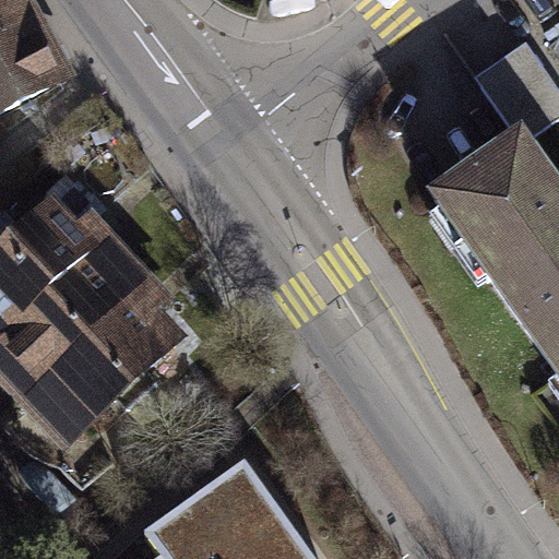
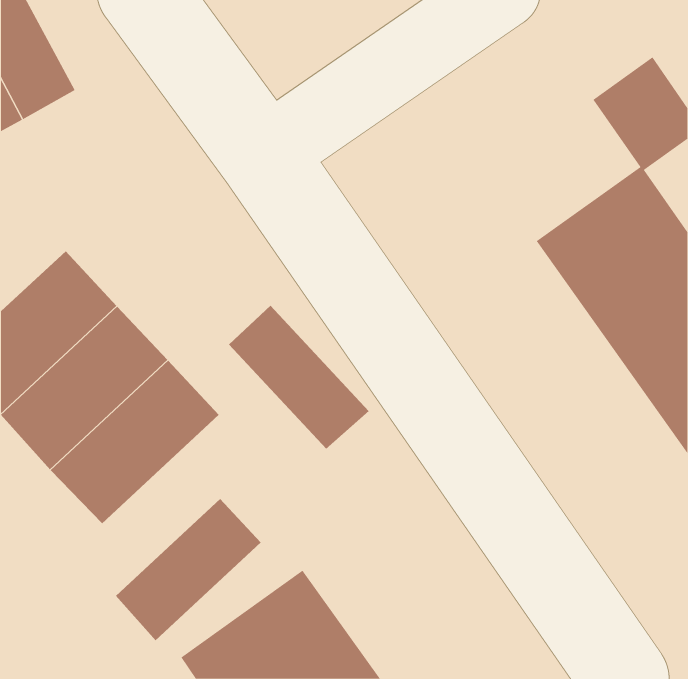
building: none -> [228,305,369,449]
building: none -> [115,498,262,641]

